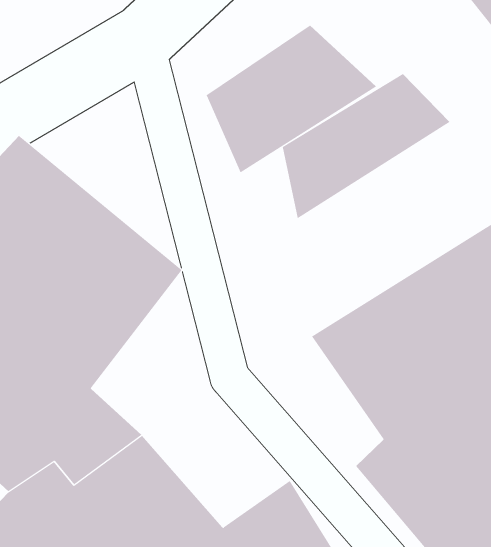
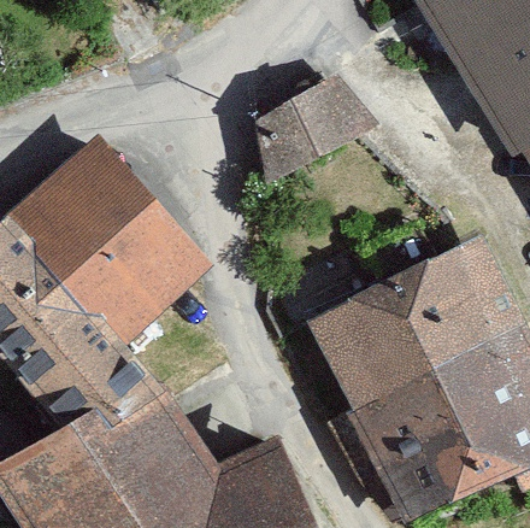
building: [282,73,451,219] -> none

